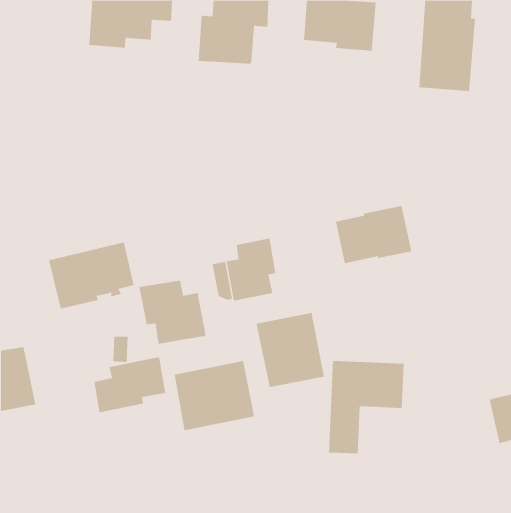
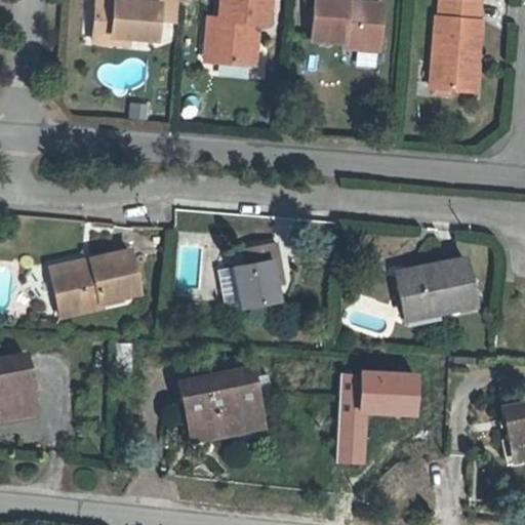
building: [335,205,412,264] -> [397,257,476,317]
building: [139,280,206,344] -> none
building: [256,312,325,388] -> none
building: [94,357,166,413] -> none

